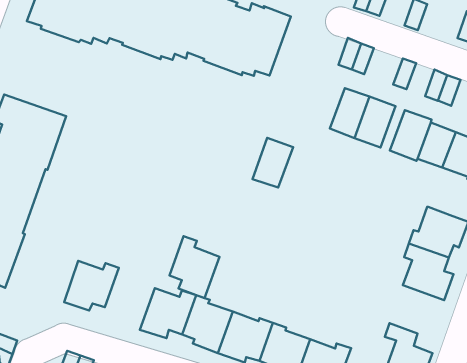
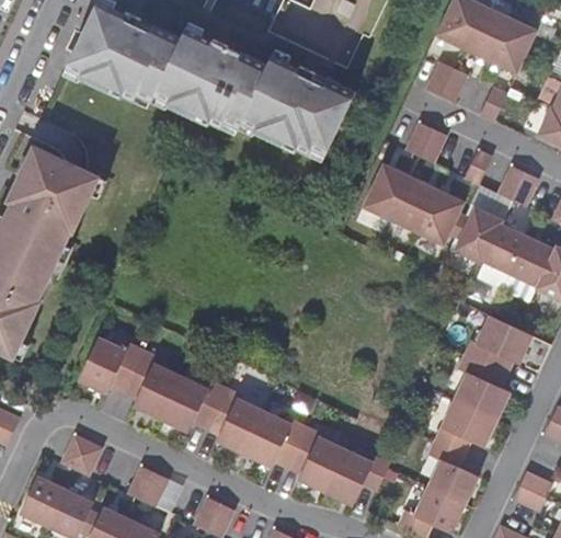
building: [252,138,293,188] -> [360,163,409,219]
building: [169,236,219,298] -> [122,350,179,420]
building: none -> [433,399,495,454]

